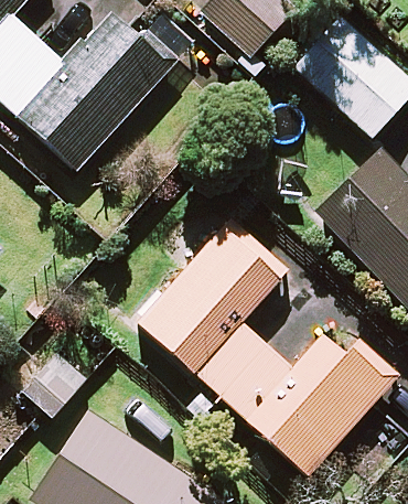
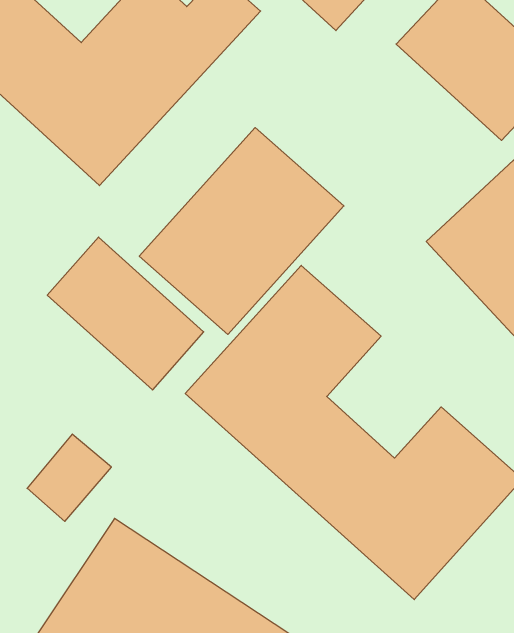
building: none -> [139,128,344,334]
building: none -> [47,237,204,390]

